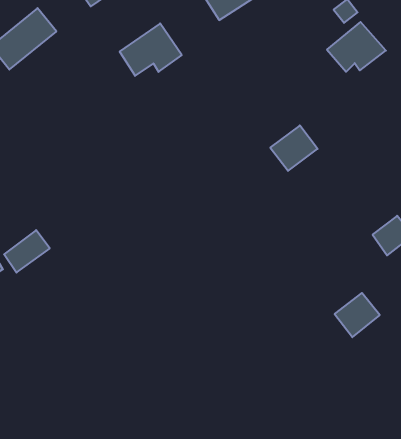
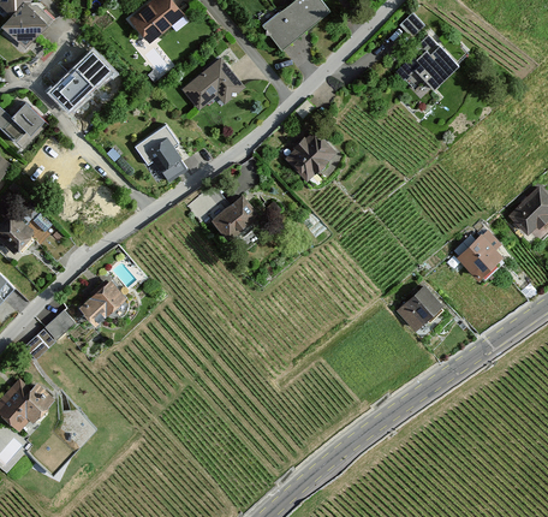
building: none -> [143,135,181,173]
building: [270,125,318,171] -> [285,130,334,178]
building: none -> [209,194,255,237]
building: [335,293,380,337] -> [397,285,443,332]

